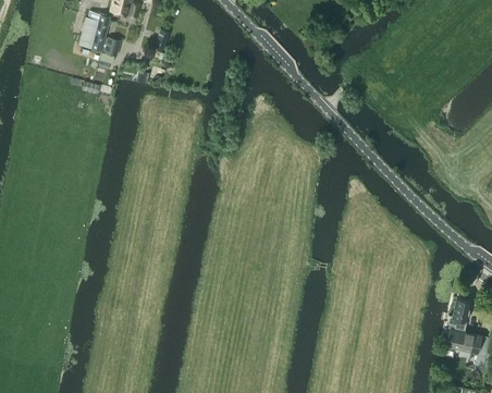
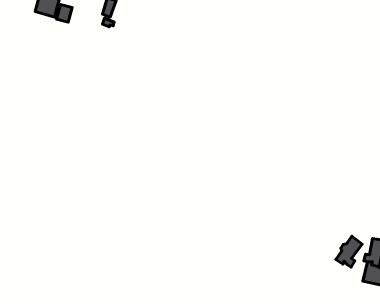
building: none -> [336,236,362,267]

